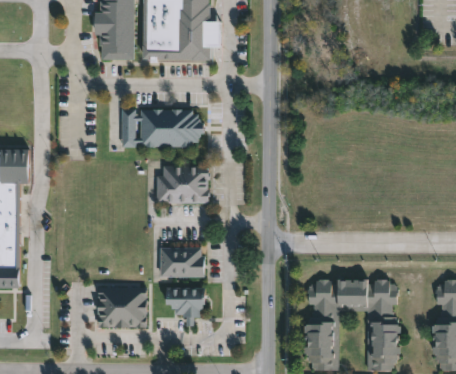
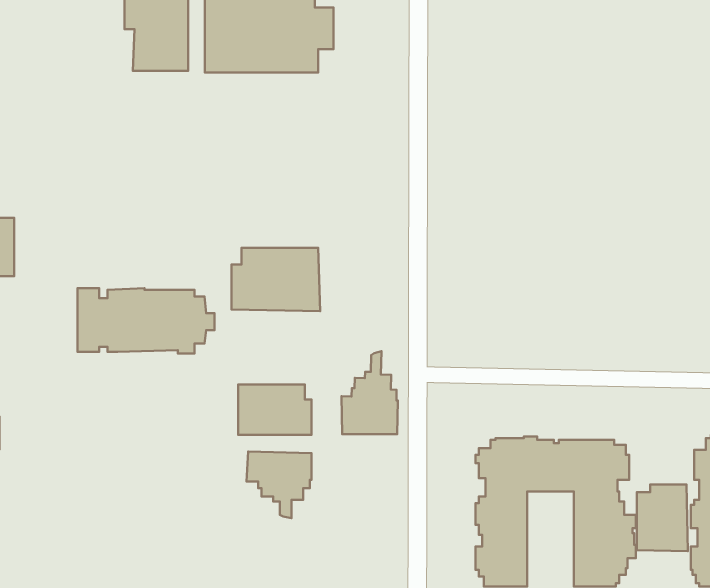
building: [124,109,206,148] -> [78,288,215,353]
building: none -> [341,351,398,434]
building: [96,287,146,328] -> none
building: none -> [637,485,688,551]

